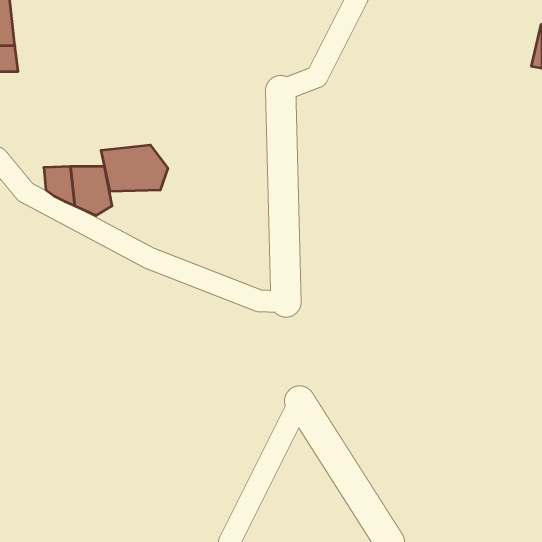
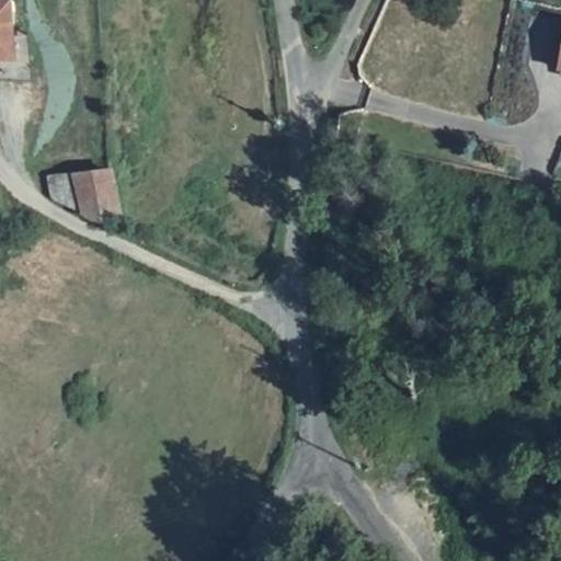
building: [101,145,168,191] -> none

